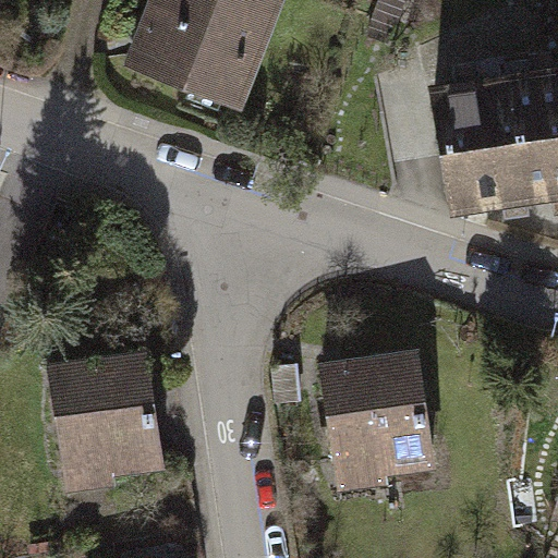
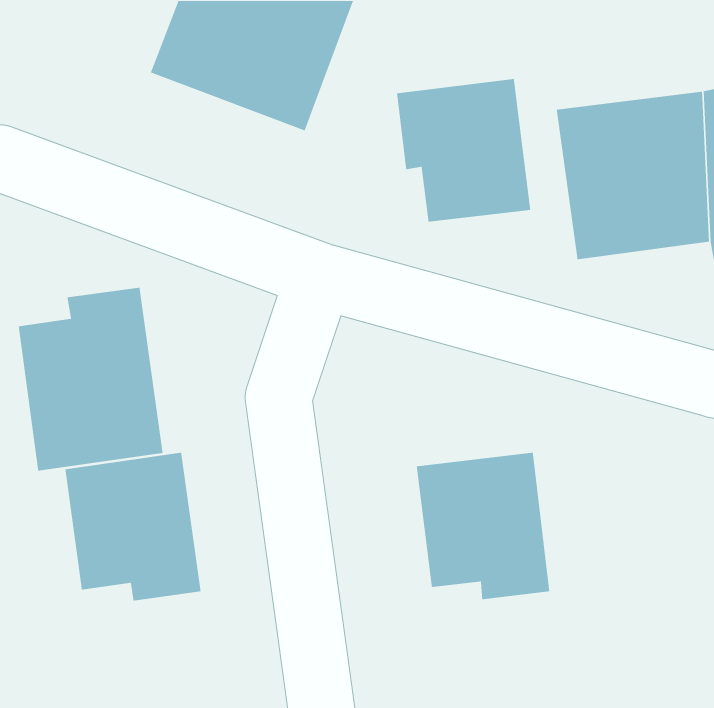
building: none -> [396,78,531,222]
building: none -> [18,287,163,471]

